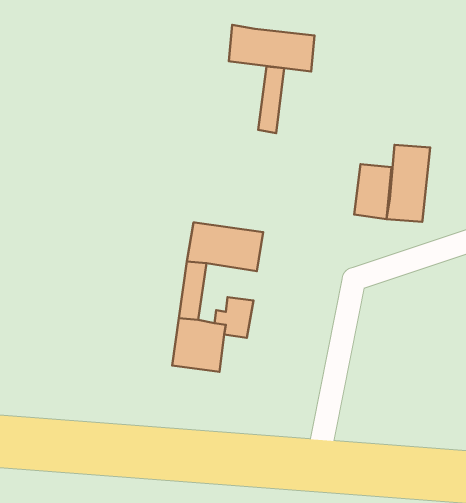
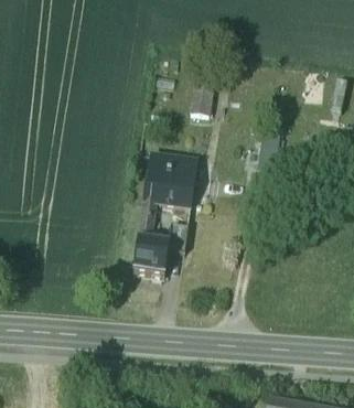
building: [229,25,315,72] -> none
building: [387,145,430,222] -> none
building: none -> [148,162,196,190]

